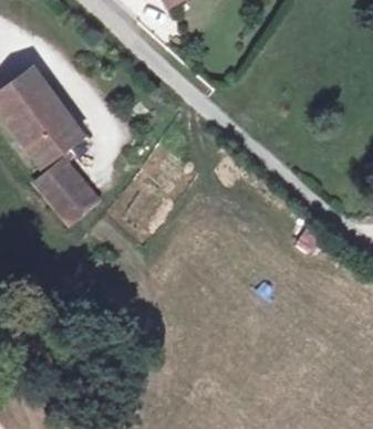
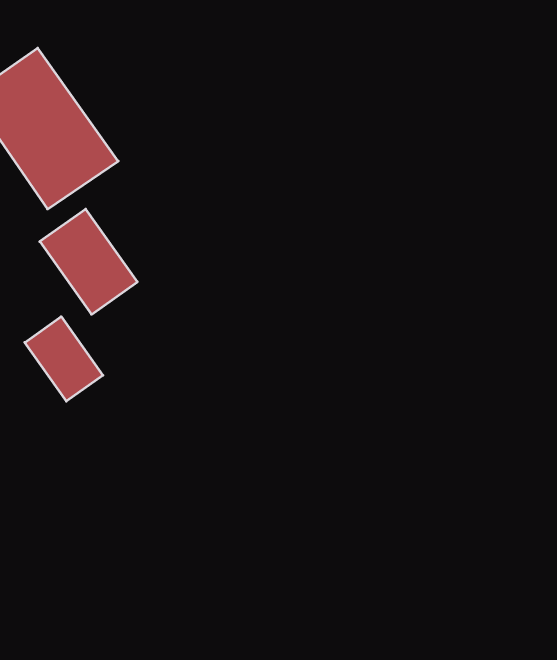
building: none -> [25,317,103,401]

